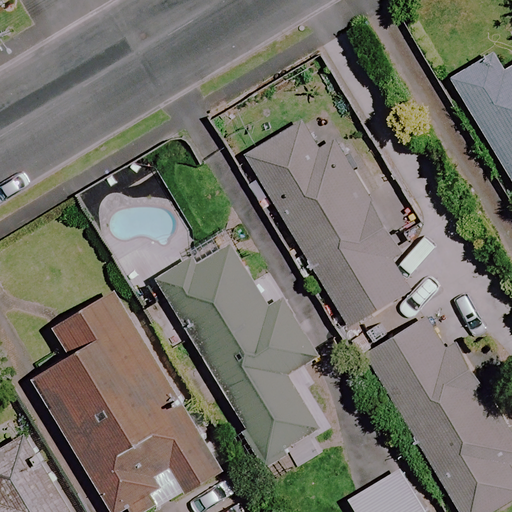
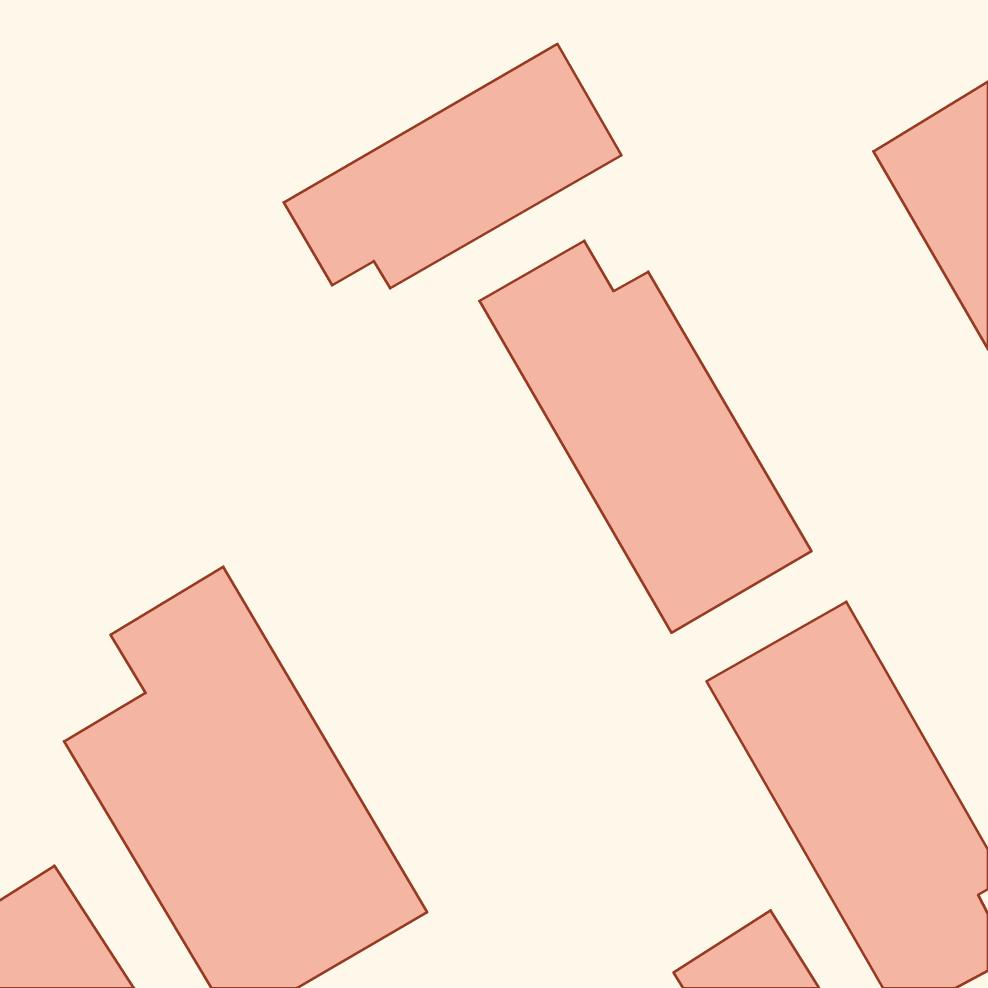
building: none -> [284,44,621,288]
building: [162,247,319,462] -> none

